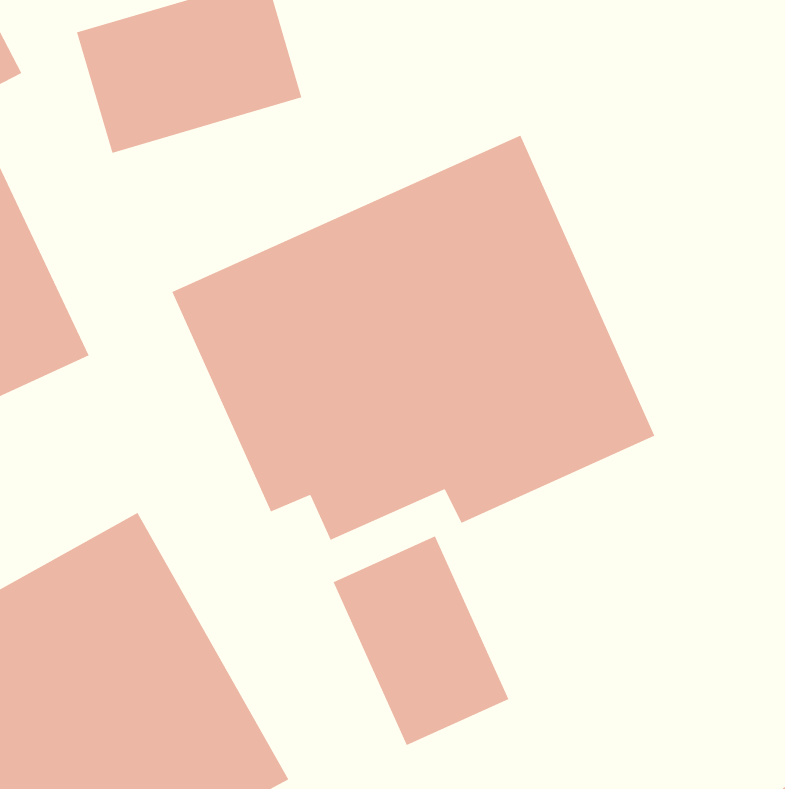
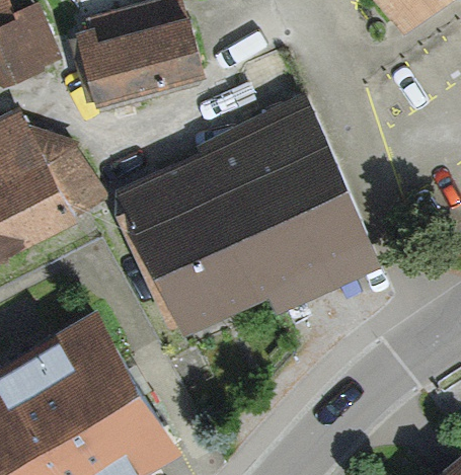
building: [333,535,509,746] -> none

